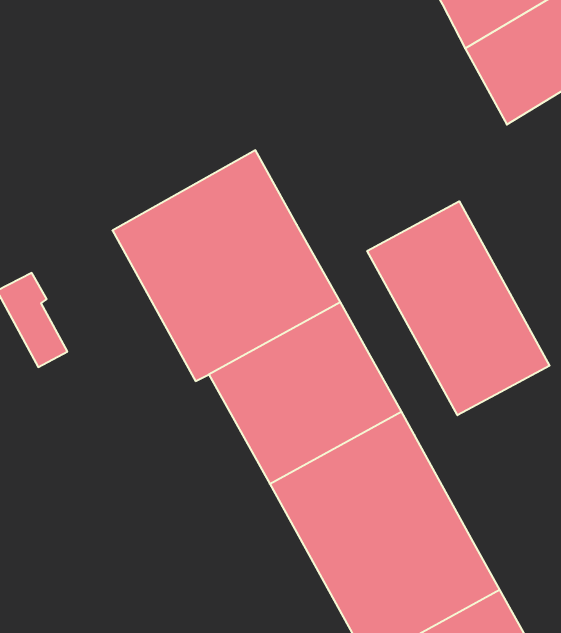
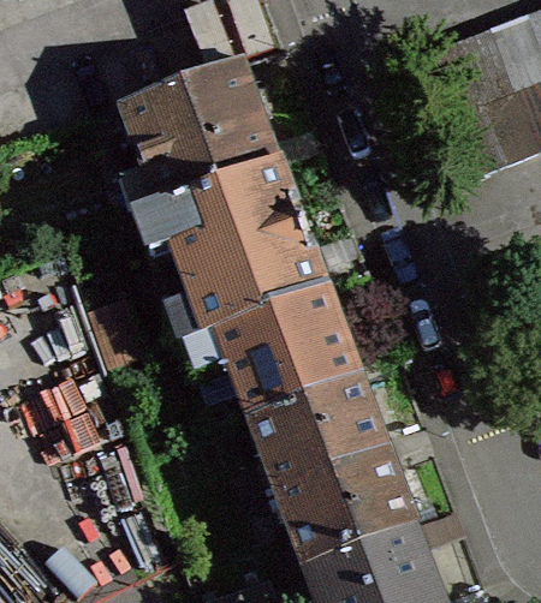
building: none -> [124,65,280,217]
building: [367,201,550,415] -> none

